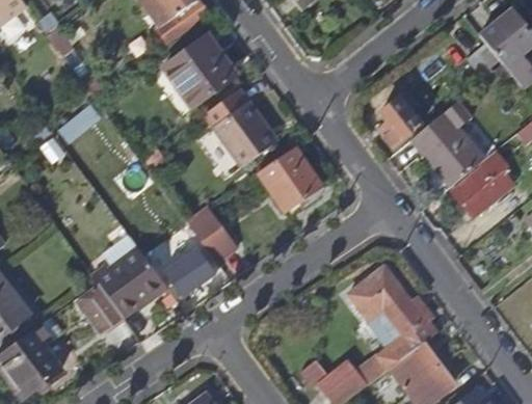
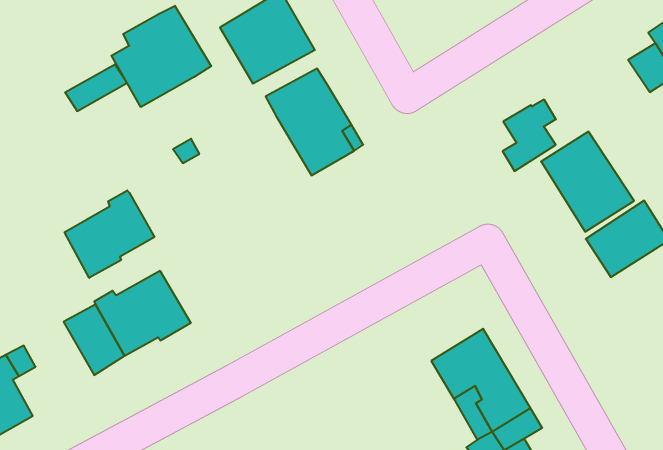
building: none -> [111,6,211,107]
building: [257,146,321,211] -> none
building: none -> [65,190,154,278]
building: [185,206,238,262] -> none
building: [163,248,215,297] -> none

